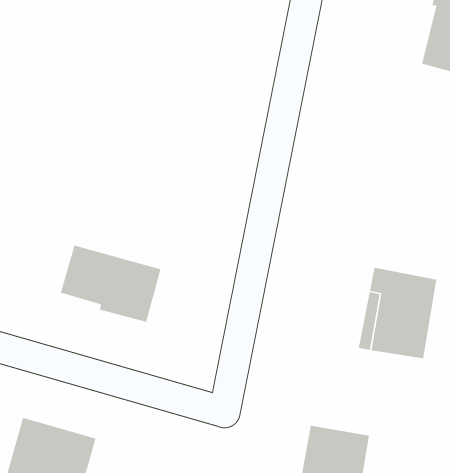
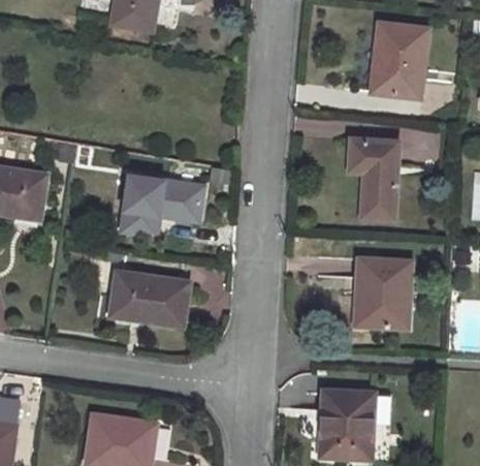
building: none -> [350,138,398,219]
building: none -> [122,175,204,236]

